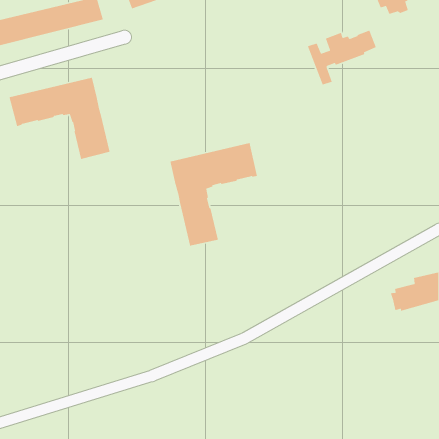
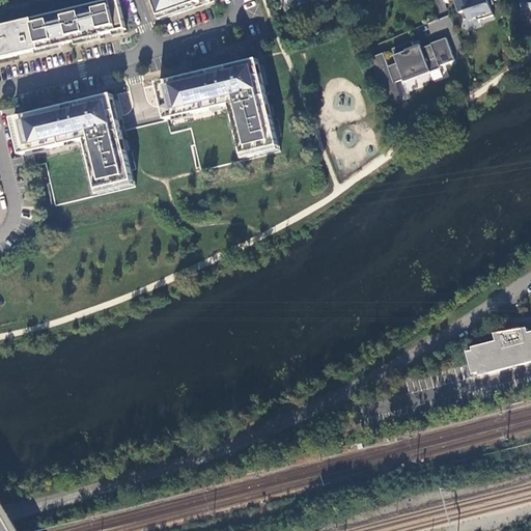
building: none -> [156,57,278,157]
building: [169,142,258,247] -> none

